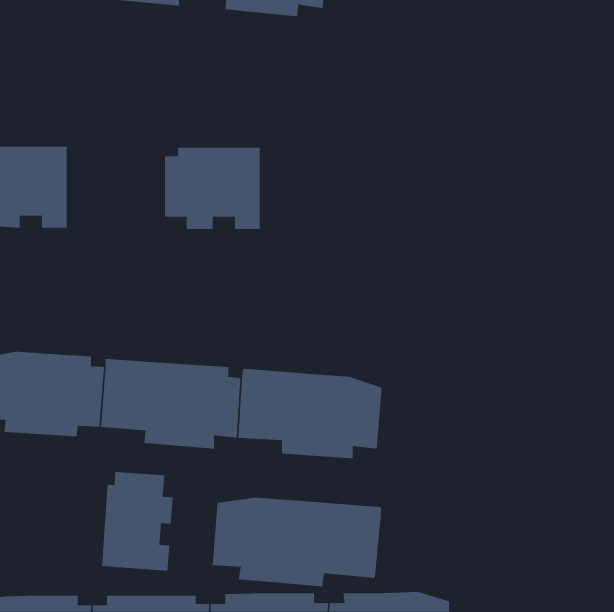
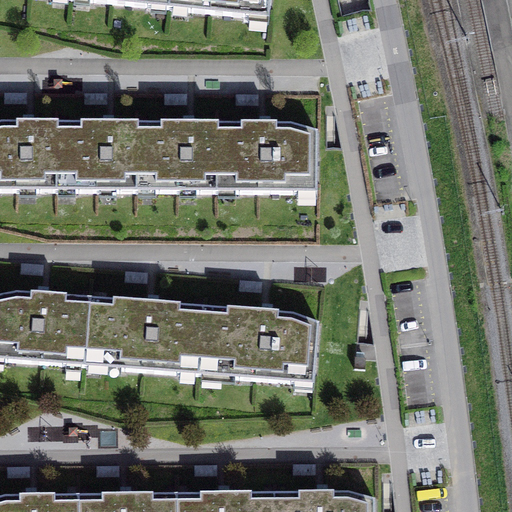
building: none -> [56,121,136,190]
building: none -> [216,122,316,191]
building: [101,471,173,571] -> none
building: [212,497,382,587] -> none

